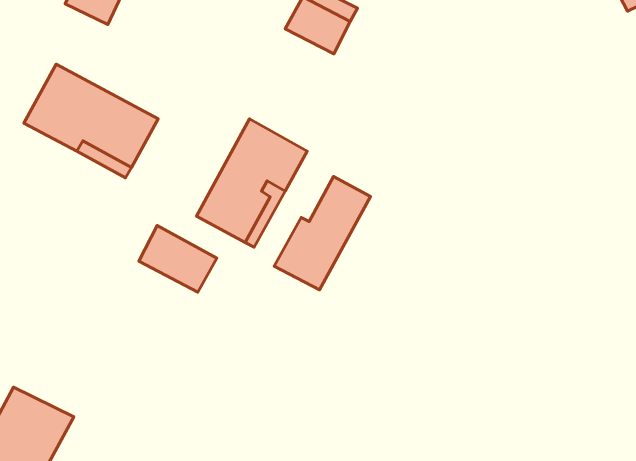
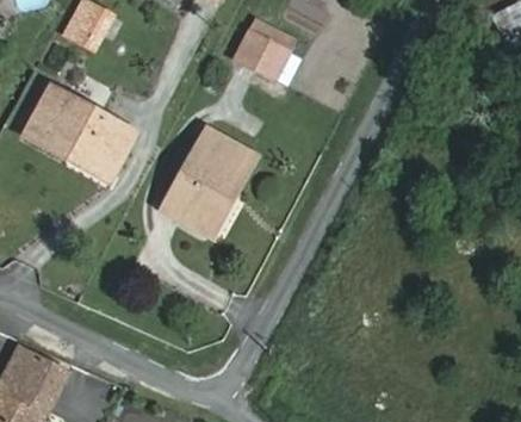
building: [274,177,371,290] -> none
building: [139,226,217,292] -> none

